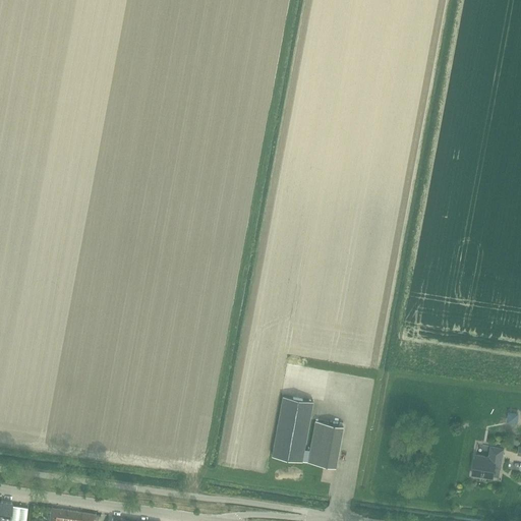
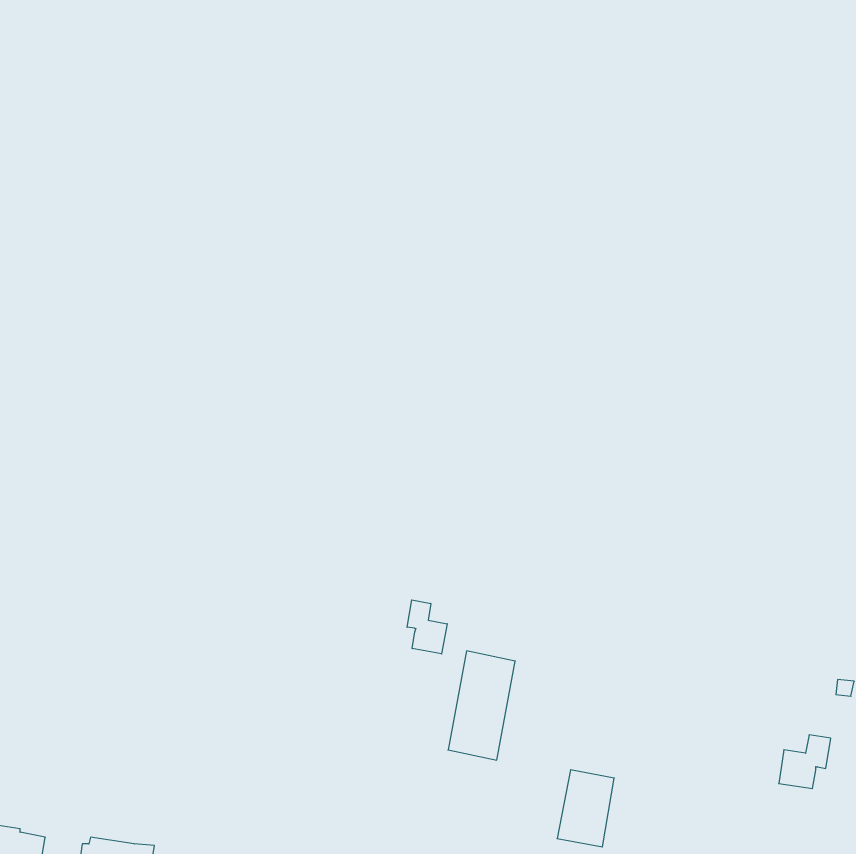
building: none -> [407,600,447,654]
building: [307,422,342,469] -> [557,770,614,847]

